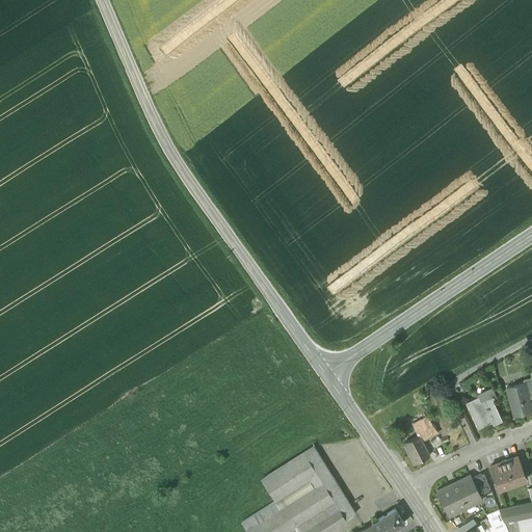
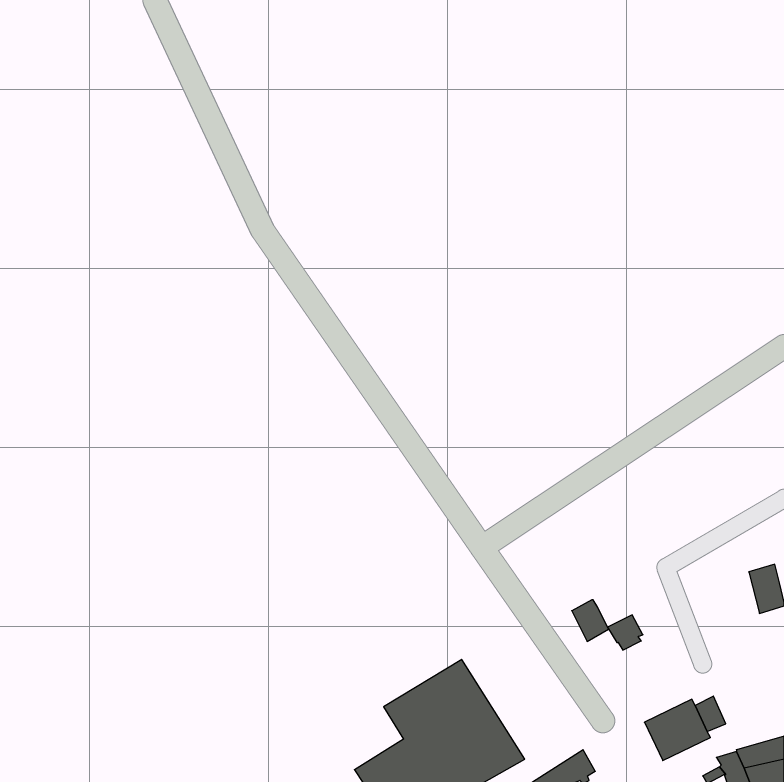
building: [466,397,502,429] -> none
building: [404,436,429,464] -> [572,600,609,641]
building: [489,457,525,487] -> none

